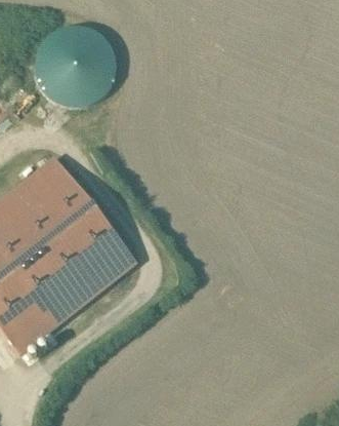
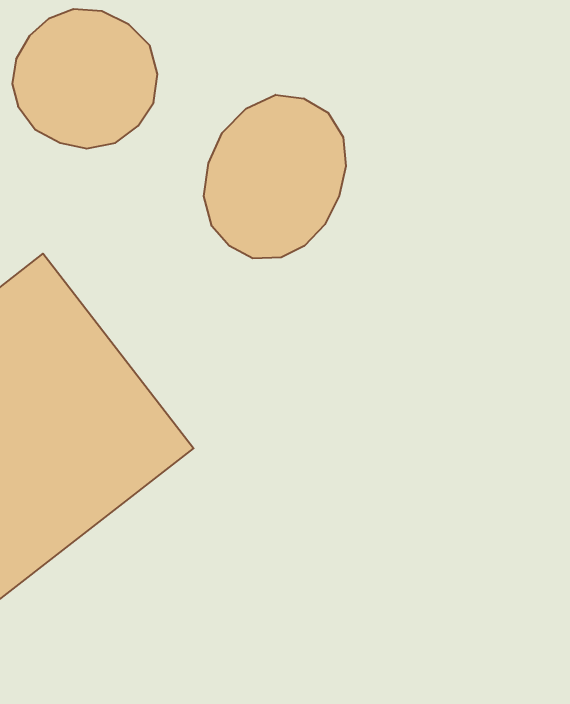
building: none -> [204,95,346,258]

